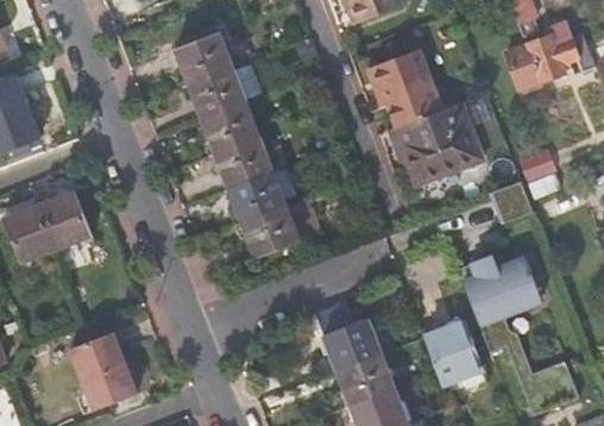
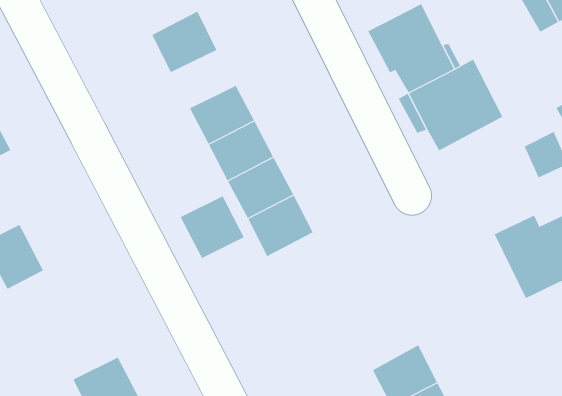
building: [188,70,245,119] -> none
building: [38,190,92,249] -> none
building: none -> [180,196,245,259]
building: [322,319,380,371] -> none
building: [423,322,486,394] -> none

